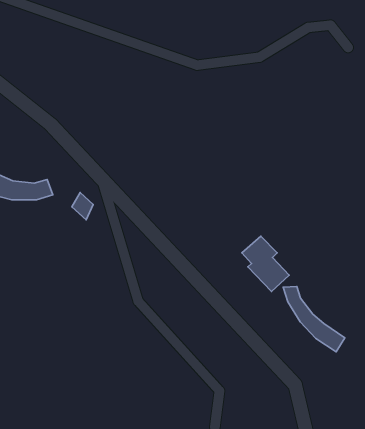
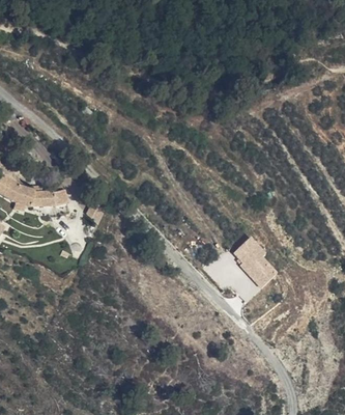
building: [283,287,345,352] -> none

